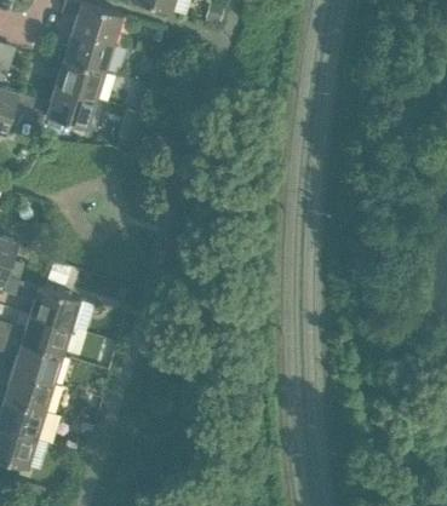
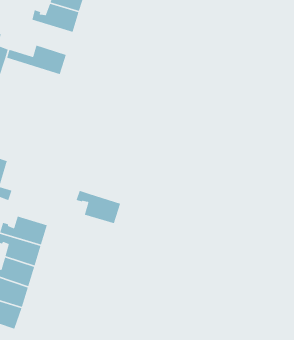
building: [44,58,104,104] -> none
building: [18,286,80,332] -> [76,190,122,224]

